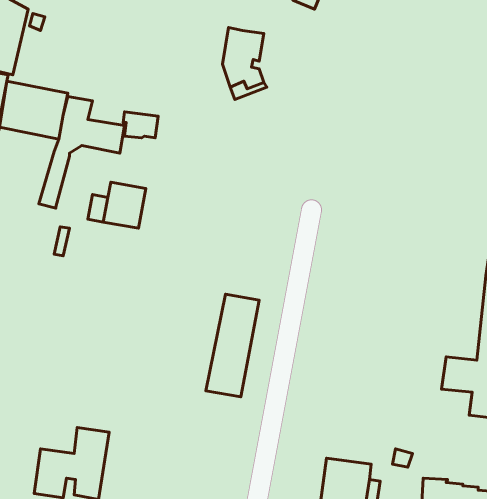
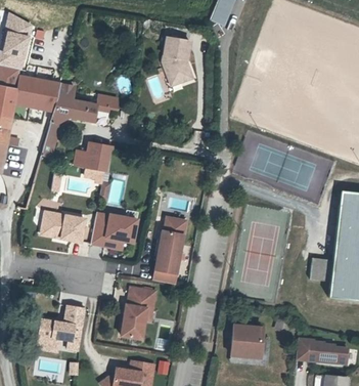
building: none -> [39,211,87,244]
building: none -> [90,211,138,251]
building: none -> [119,286,158,342]

